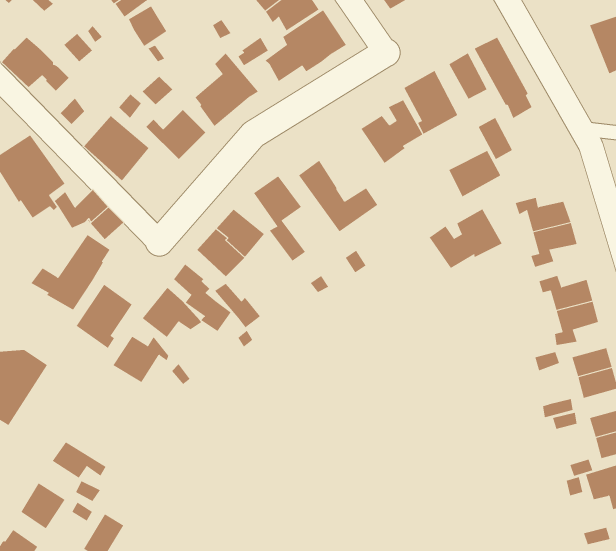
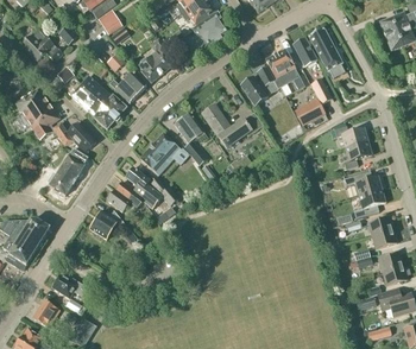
building: none -> [94,95,126,129]
building: [429,208,503,269] -> none
building: [76,284,133,349] -> none

